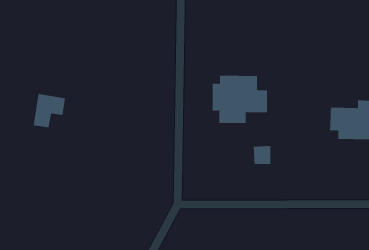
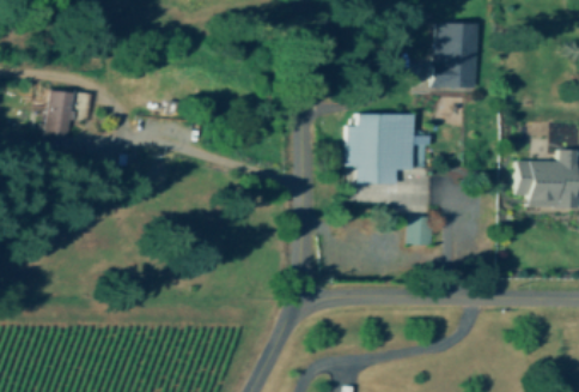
building: none -> [433,23,477,89]
building: [33,93,66,128] -> [43,88,91,138]

